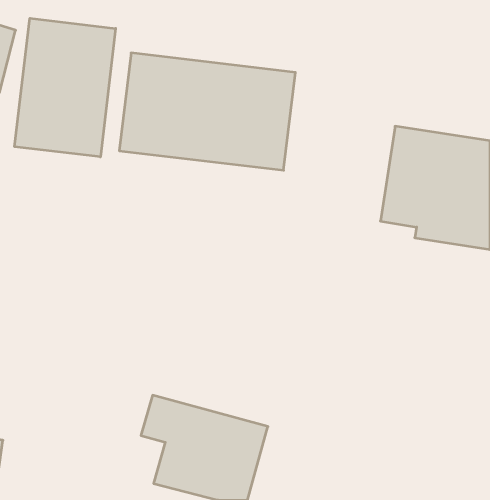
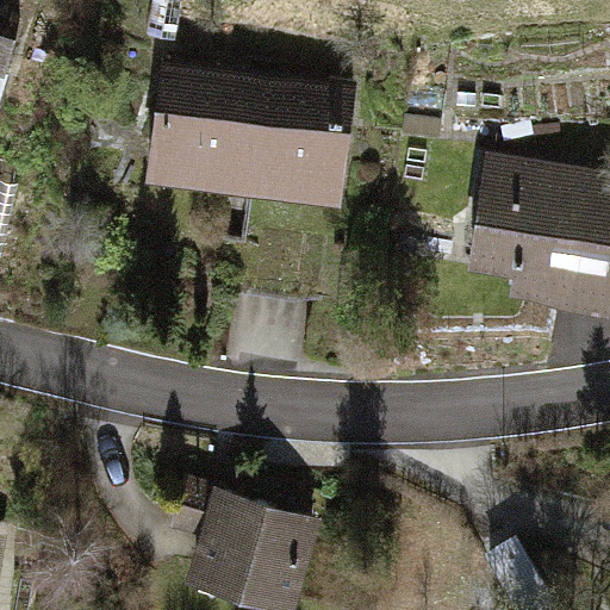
building: [15,18,116,157] -> none

